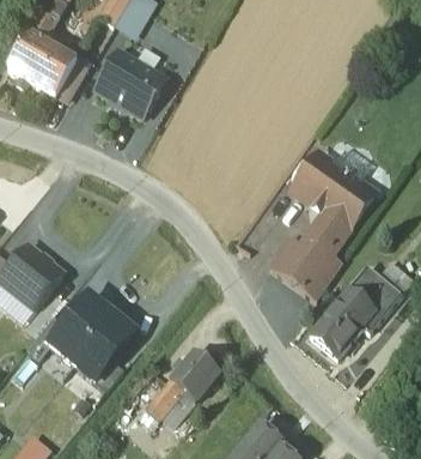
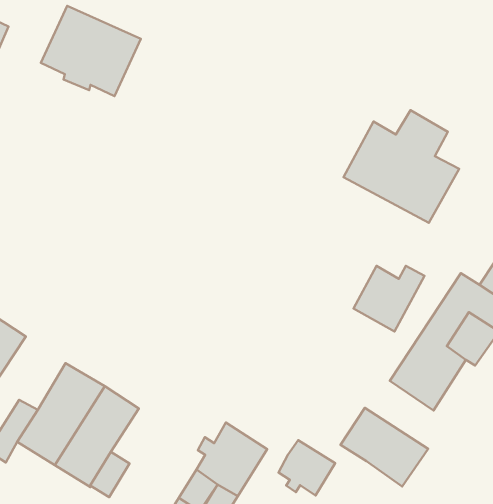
building: [300,212,348,265] -> none
building: none -> [341,408,428,486]
building: none -> [278,440,335,496]

